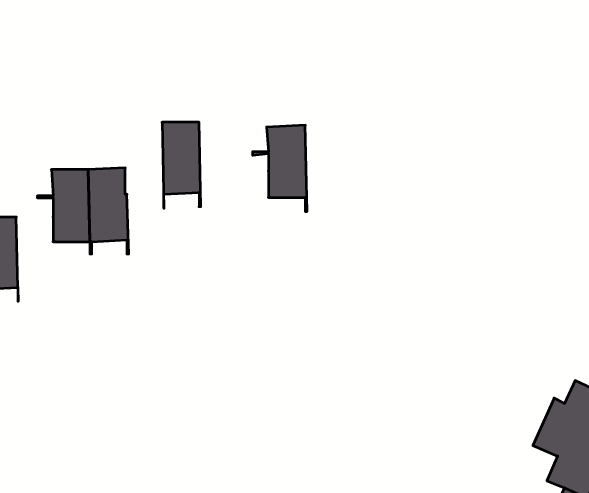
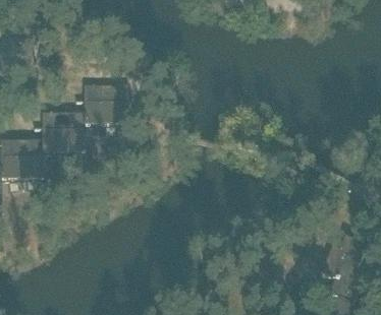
building: [253,125,307,211] -> [73,83,105,133]
building: none -> [19,138,43,187]

